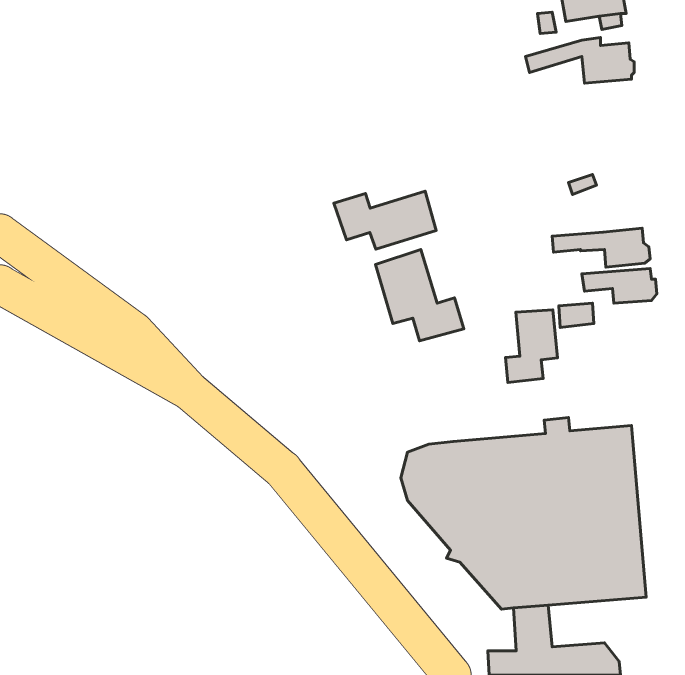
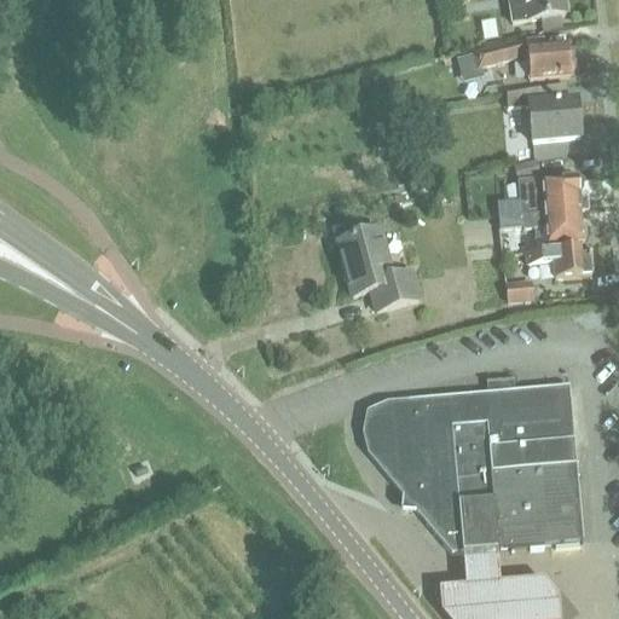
building: none -> [504,81,579,138]
building: [334,191,436,249] -> none
building: none -> [522,174,582,210]
building: [506,310,557,383] -> none

